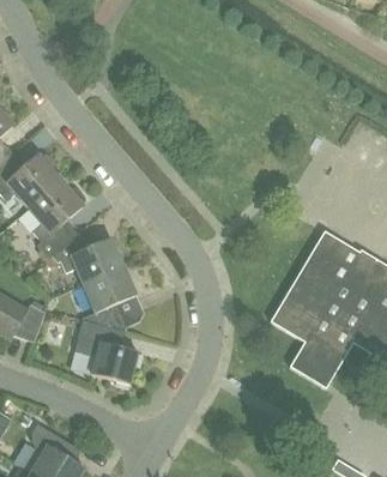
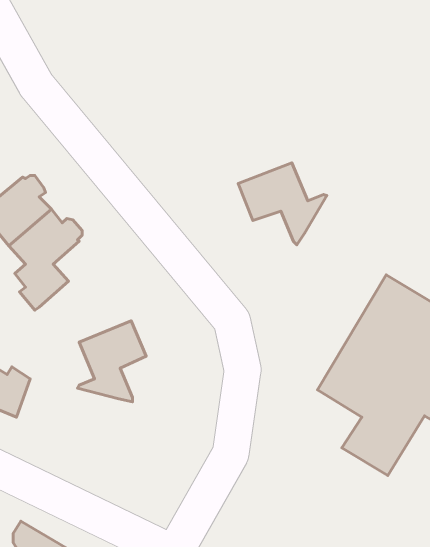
building: none -> [238,163,327,245]
building: [52,234,123,284] -> none
building: [74,320,138,385] -> none

